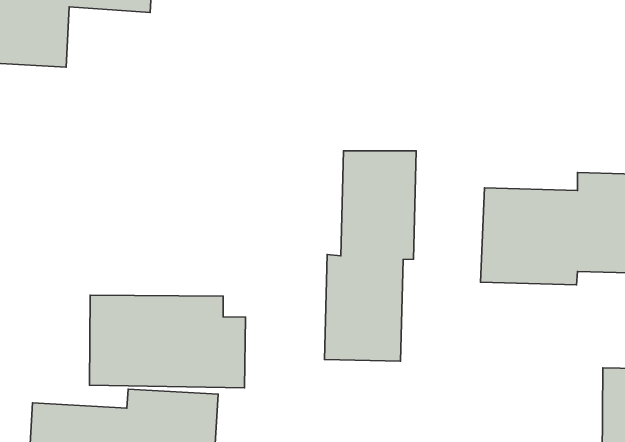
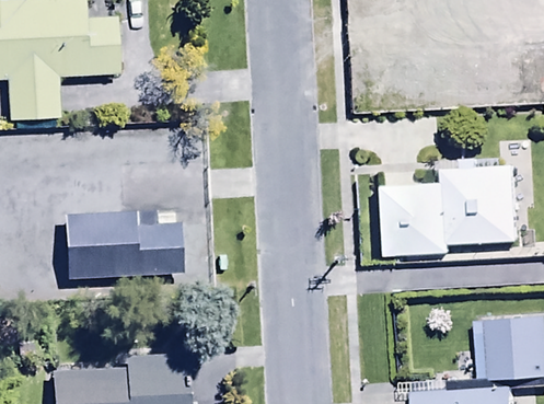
building: [324,151,416,361] -> none
building: [90,295,245,388] -> [59,206,178,279]

